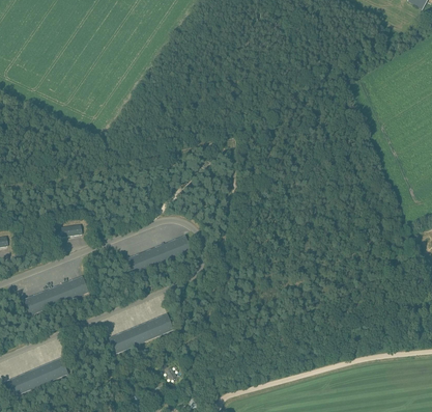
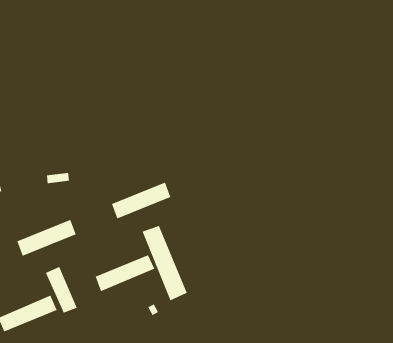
building: none -> [142,225,187,301]
building: none -> [45,266,77,314]

